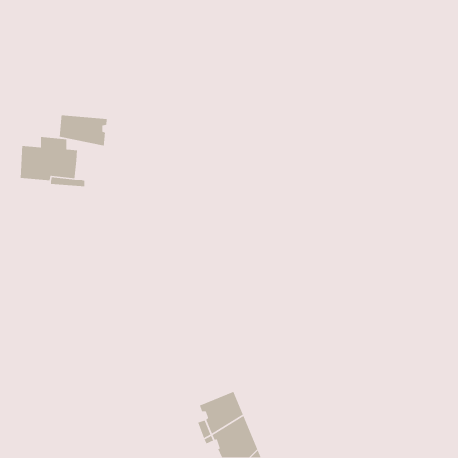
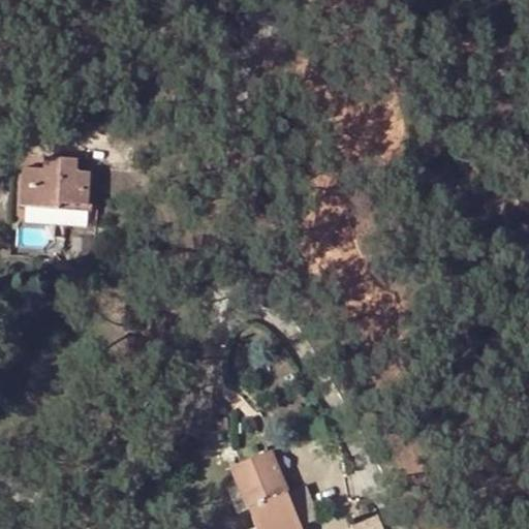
building: [59,114,108,147] -> none

